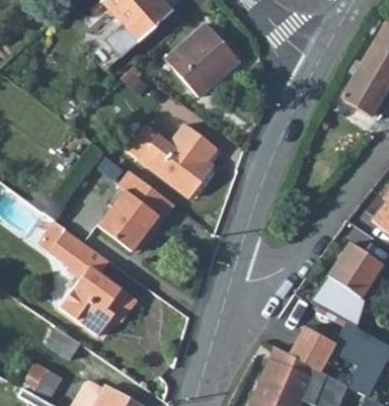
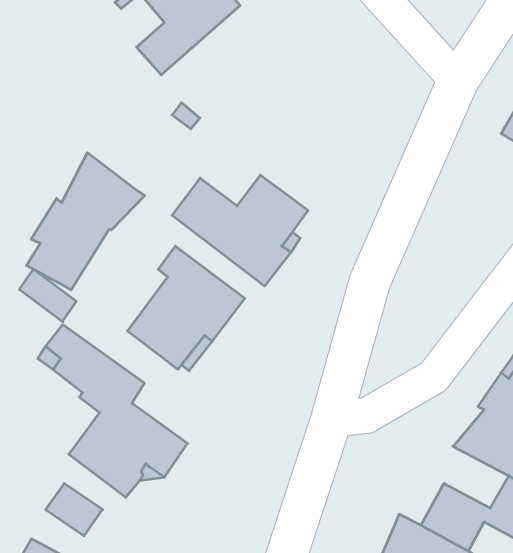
building: [165,22,240,96] -> none
building: none -> [26,153,145,290]

